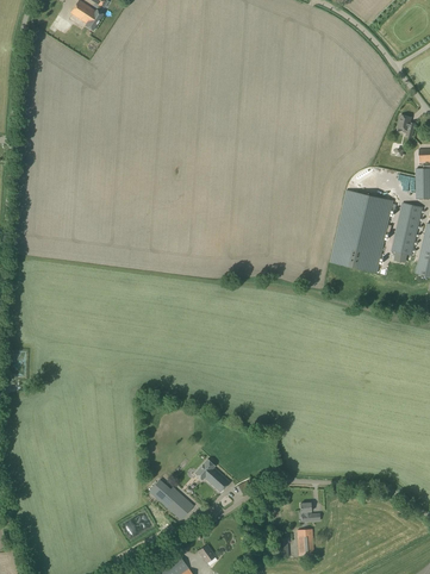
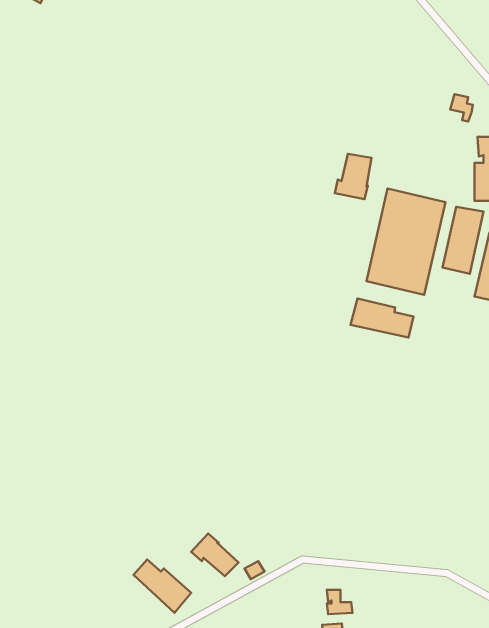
building: none -> [335,154,371,199]
building: none -> [350,299,413,337]

